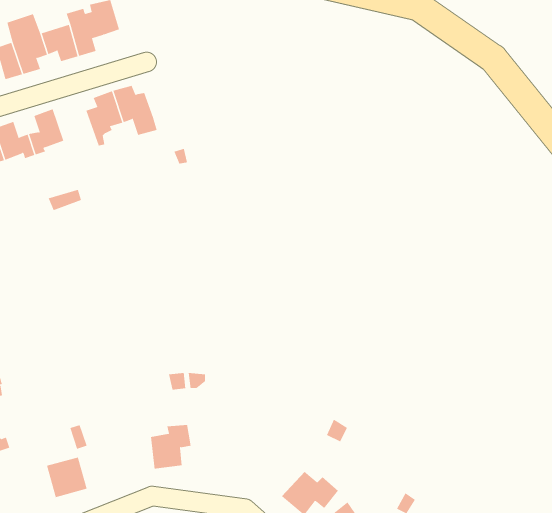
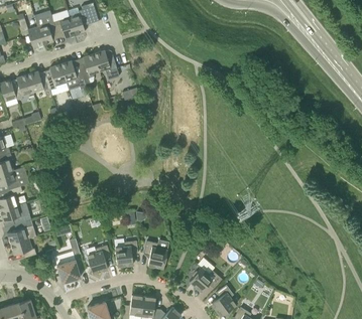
building: none -> [61,61,86,91]
building: none -> [143,242,167,269]
building: none -> [87,246,111,274]

